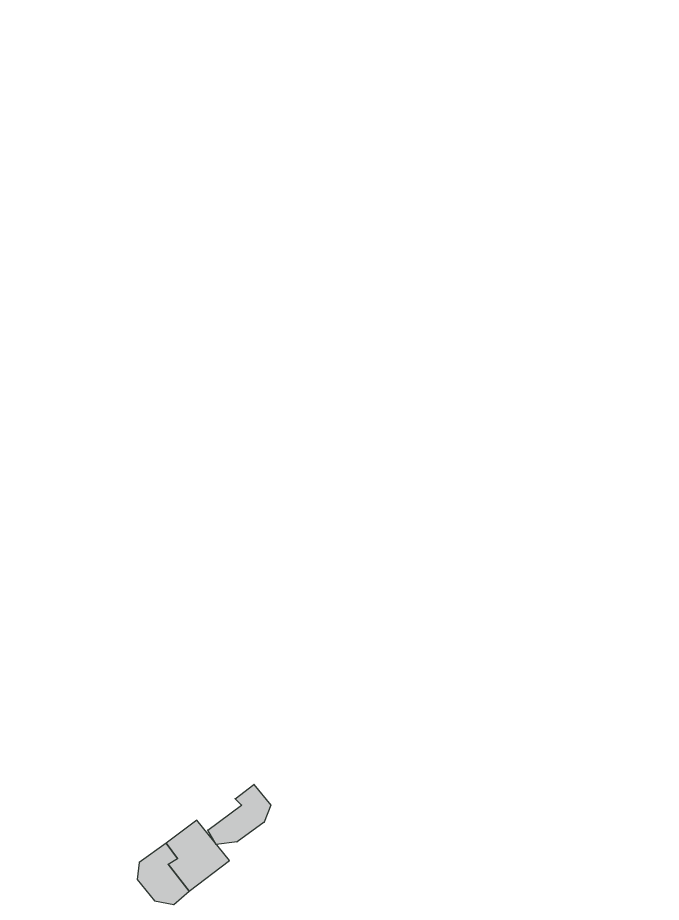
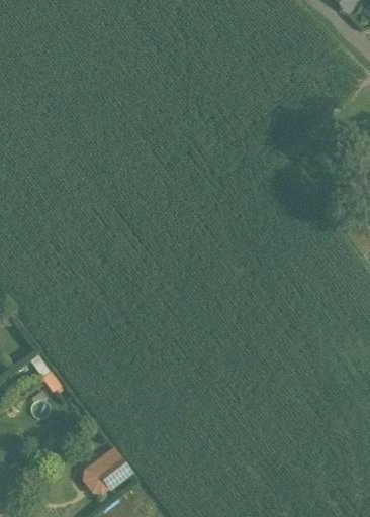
building: [208,784,271,844] -> none

